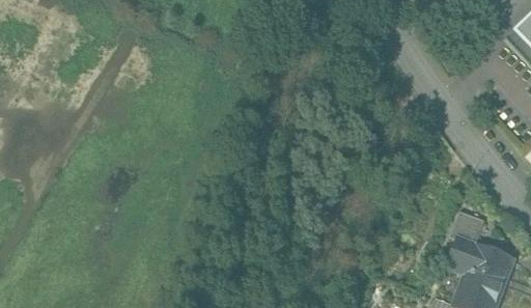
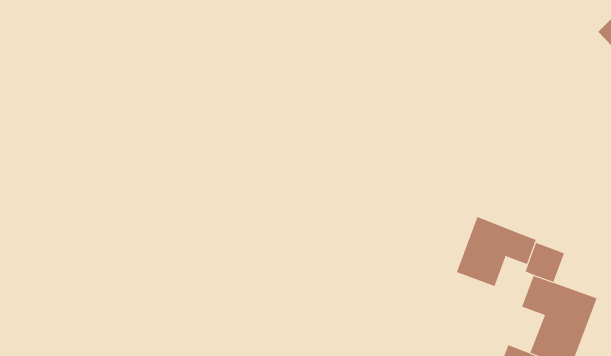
building: none -> [456,216,536,287]

